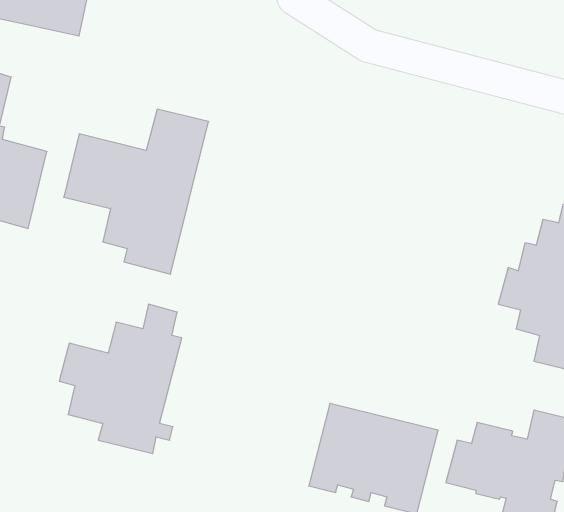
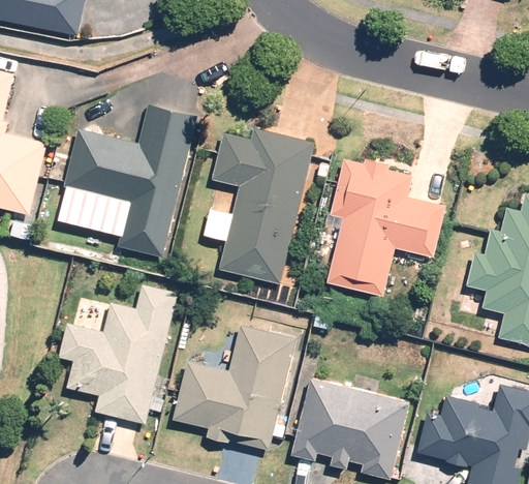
building: none -> [204,128,315,284]
building: none -> [325,159,445,296]
building: none -> [172,324,295,451]

